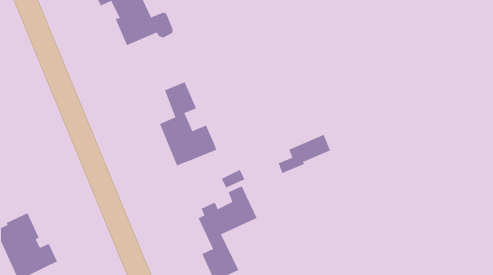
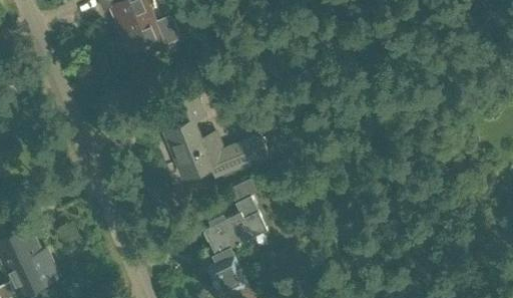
building: [278,134,331,174] -> [211,136,267,178]

